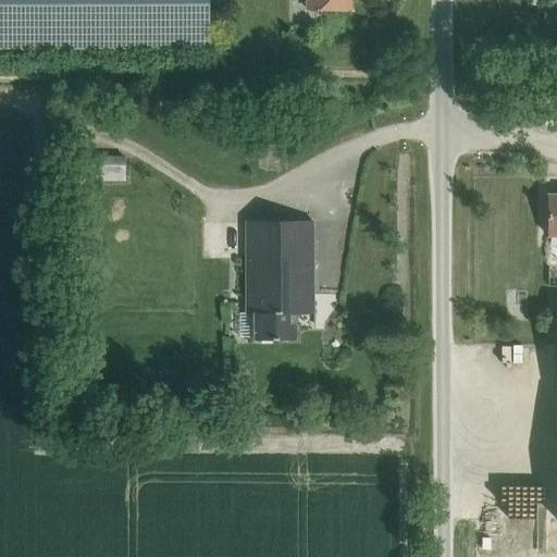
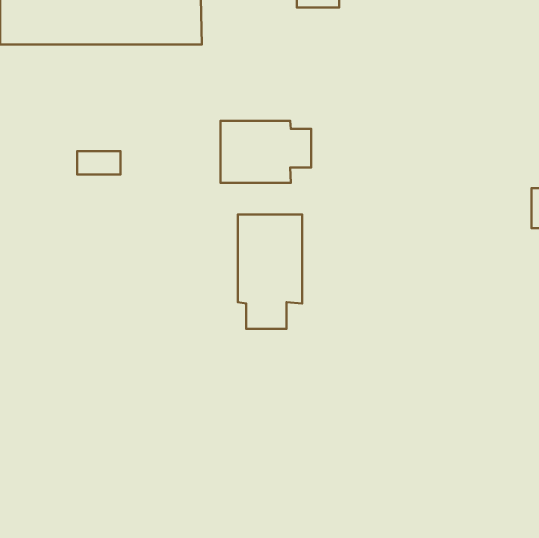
building: none -> [220,121,311,183]

